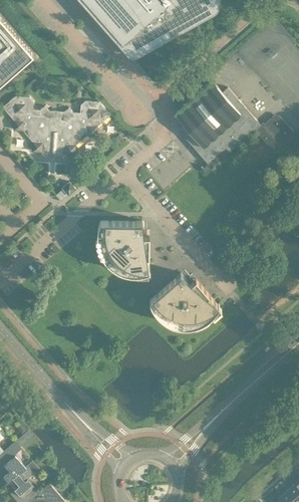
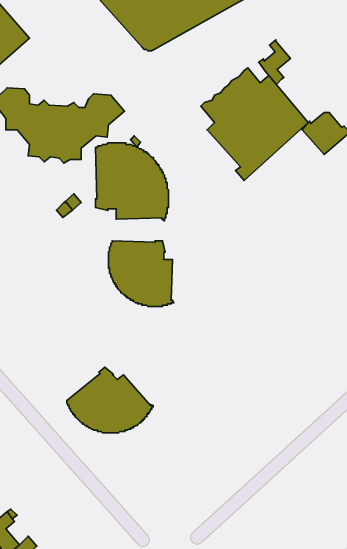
building: none -> [259,40,291,84]
building: none -> [96,143,169,221]
building: [150,275,220,328] -> [67,367,153,433]

